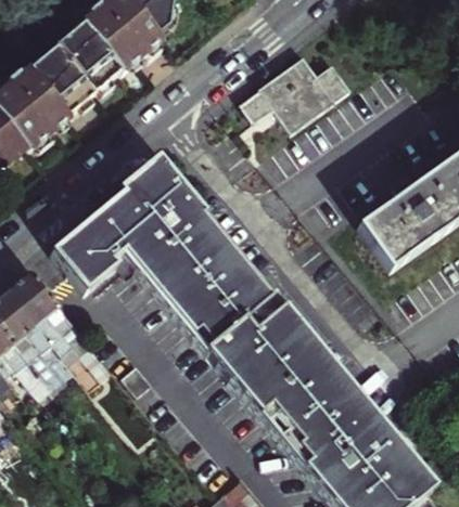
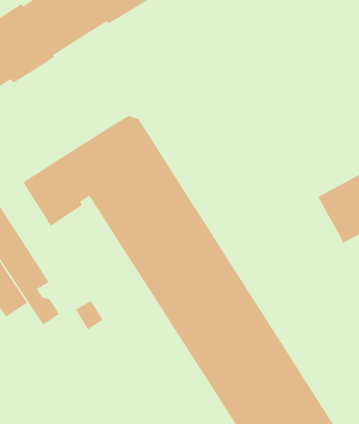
building: [243,57,353,129] -> none

